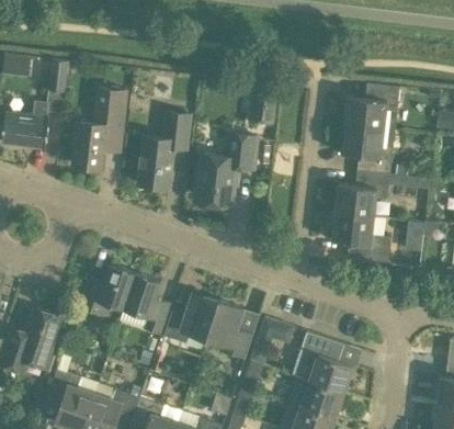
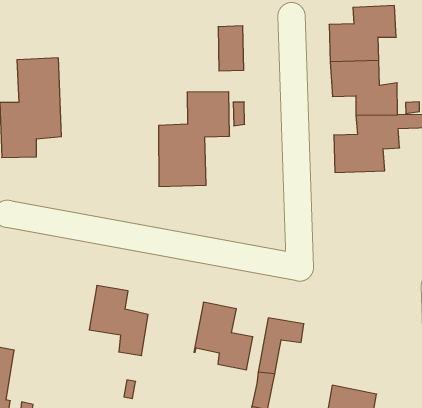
building: [139,112,194,189] -> none
building: [332,213,394,263] -> none
building: [80,267,135,314] -> none
building: [166,297,217,345] -> none
building: [294,332,352,393] -> none

